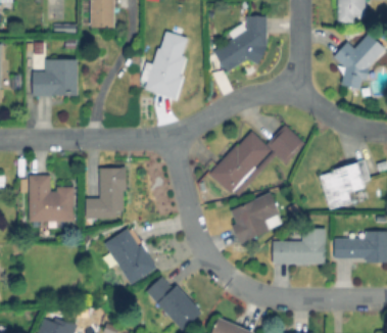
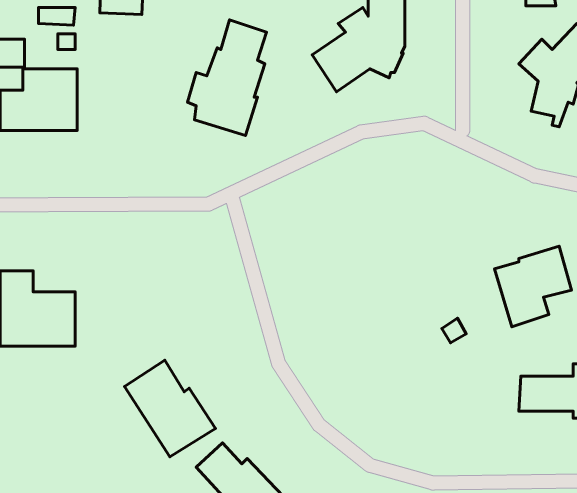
building: [209,124,304,195] -> none
building: [85,167,126,219] -> none
building: [231,192,280,244] -> none
building: [273,227,326,264] -> none

